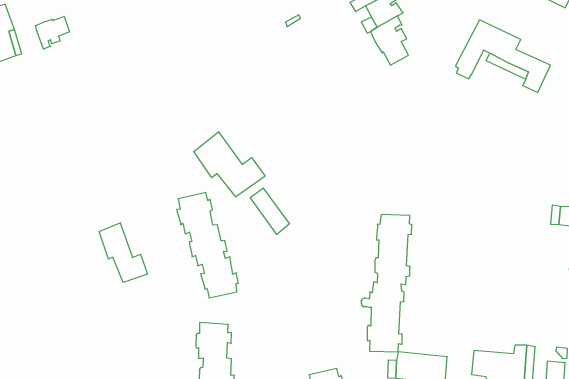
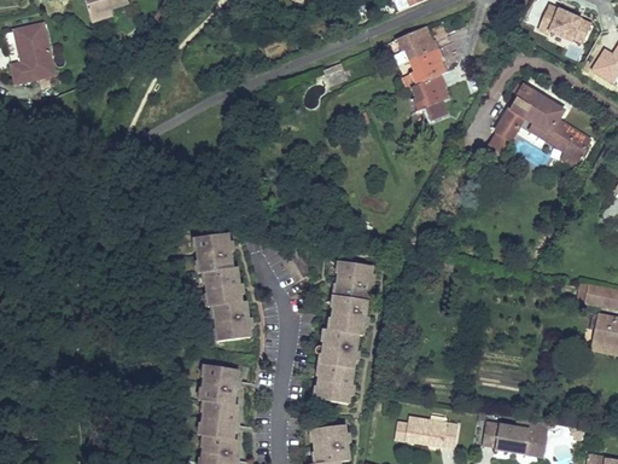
building: [35,16,70,49] -> none
building: [194,132,265,197] -> none
building: [361,215,412,352] -> [315,262,374,404]
building: [99,223,147,282] -> none

